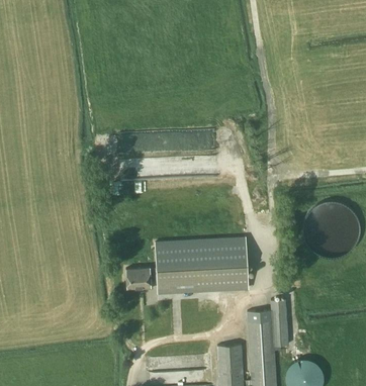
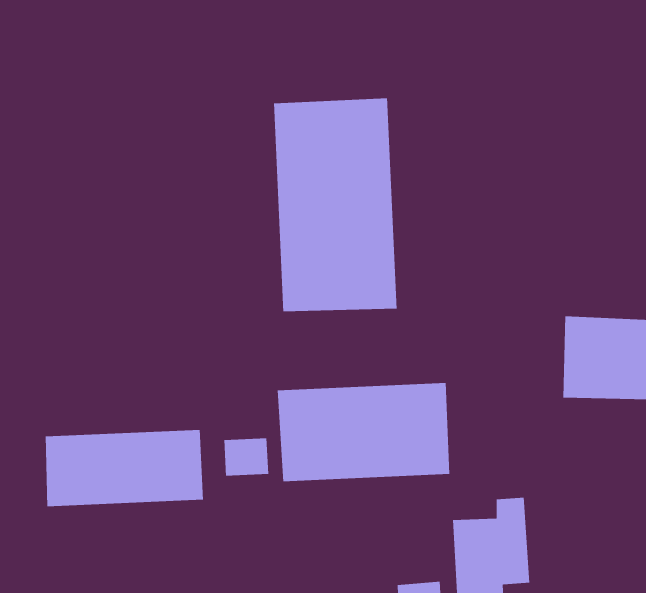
building: none -> [274,97,397,312]
building: none -> [45,429,204,507]

